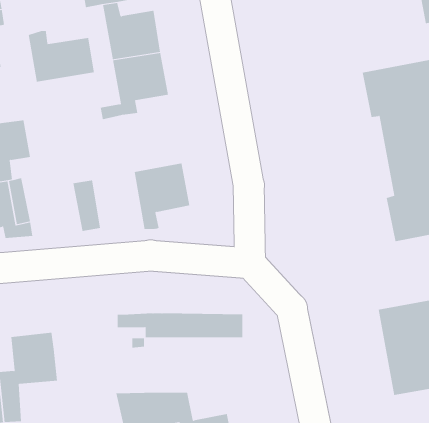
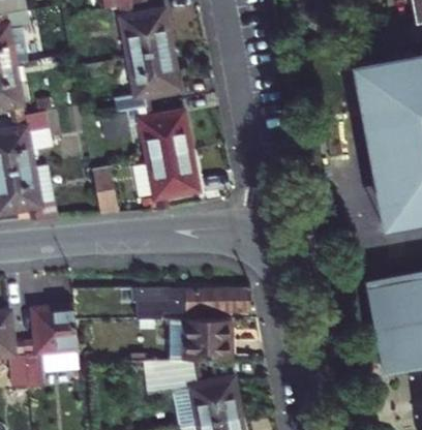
building: [28,30,94,82] -> none
building: none -> [137,105,191,159]
building: none -> [169,318,230,361]

